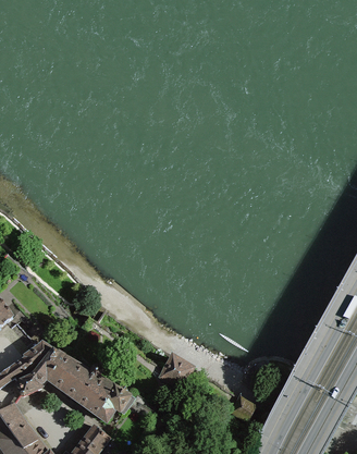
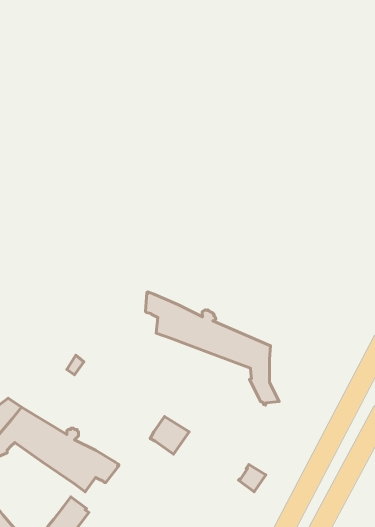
building: none -> [146,292,279,405]

